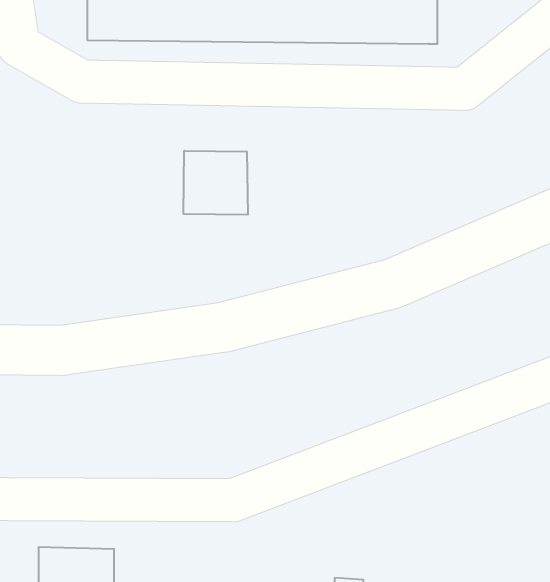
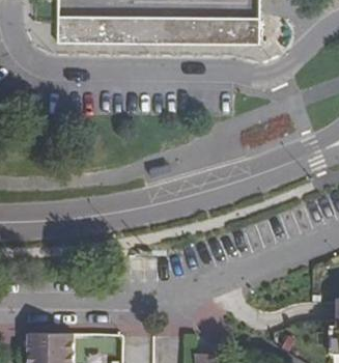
building: [184,151,248,215] -> none

